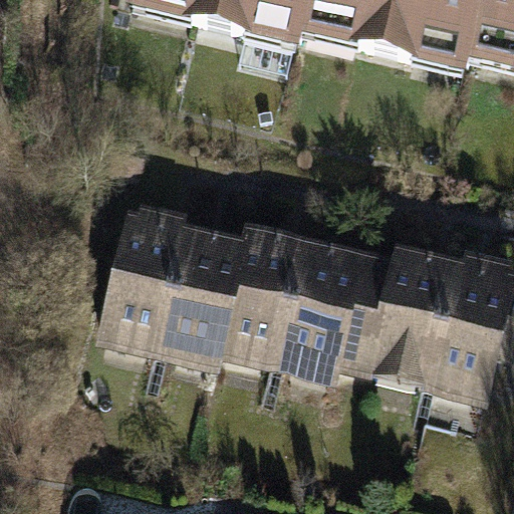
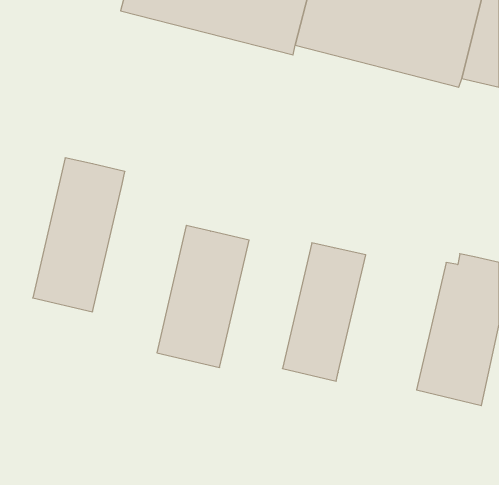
building: [99,204,194,361] -> [33,158,125,312]
building: [228,235,319,377] -> none
building: [346,256,457,400] -> none

